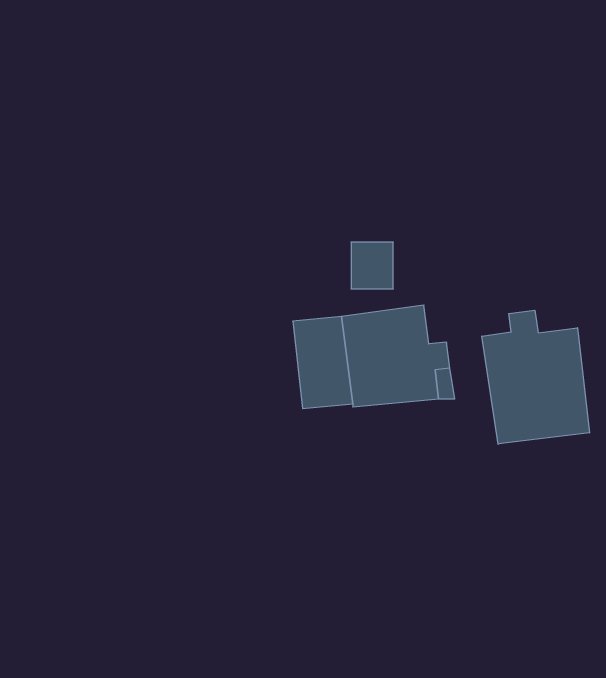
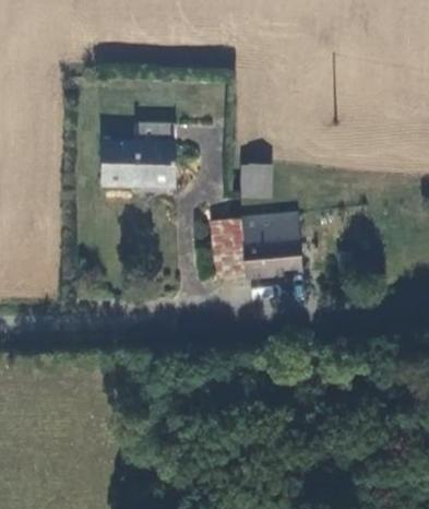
building: none -> [94,123,169,187]
building: [482,310,589,444] -> none

